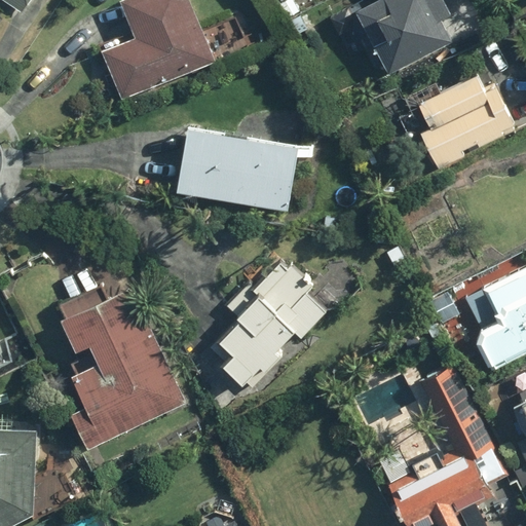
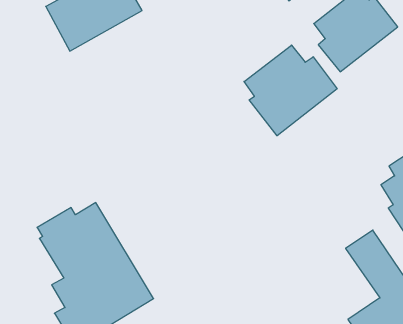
building: [175,125,299,211] -> none
building: none -> [244,45,337,136]
building: [208,259,327,396] -> none

